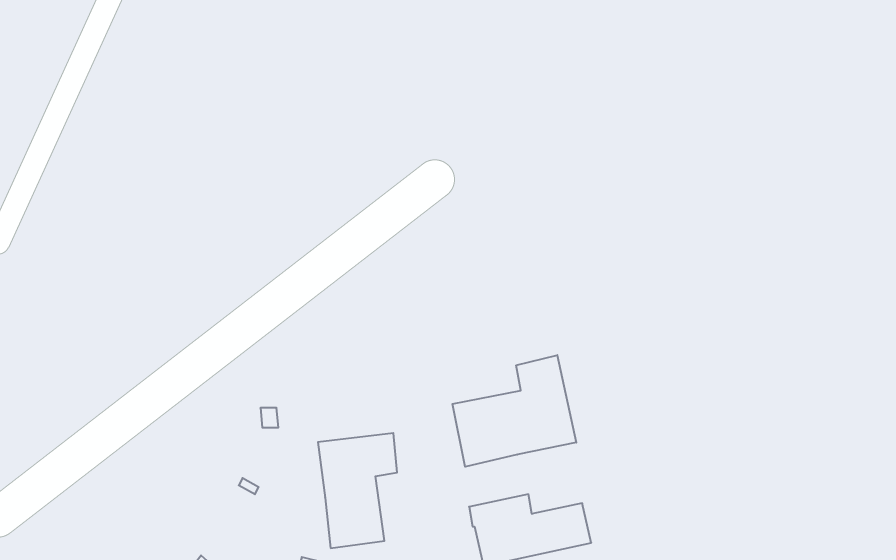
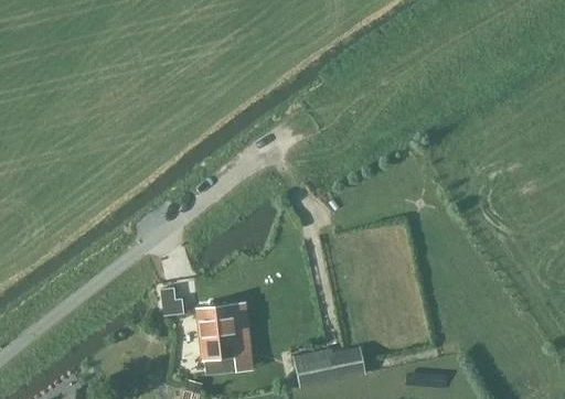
building: [452,355,576,467] -> none

